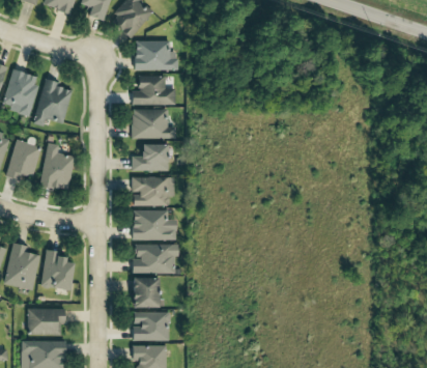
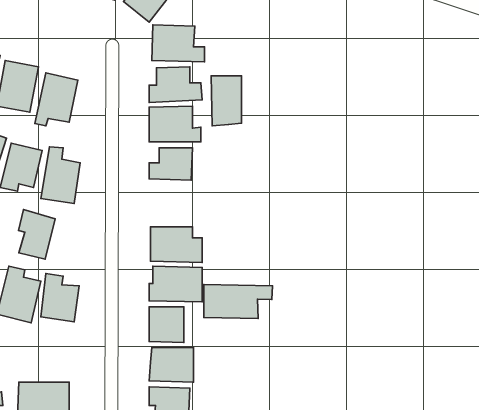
building: none -> [211,76,241,126]
building: [132,177,174,206] -> none
building: none -> [18,210,55,259]
building: none -> [204,284,273,319]
building: [27,309,65,335] -> none

